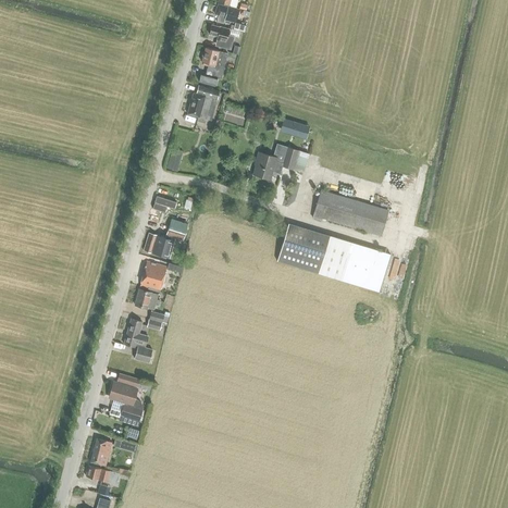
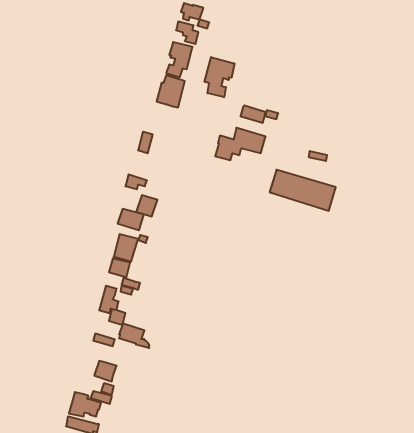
building: none -> [205,57,234,97]
building: [276,223,391,292] -> none
building: [109,382,143,409] -> [119,324,149,348]

